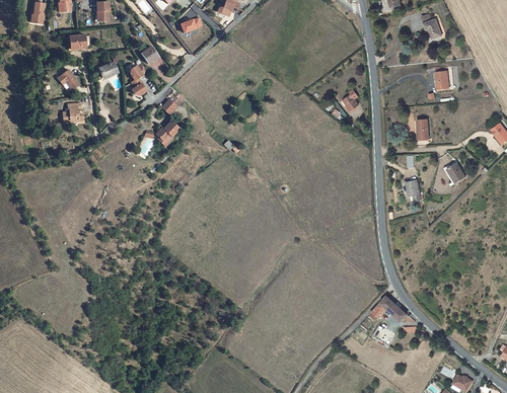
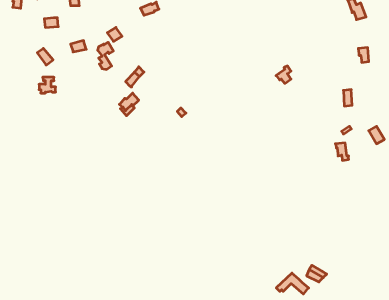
building: [369,296,407,320] -> [276,273,309,294]

